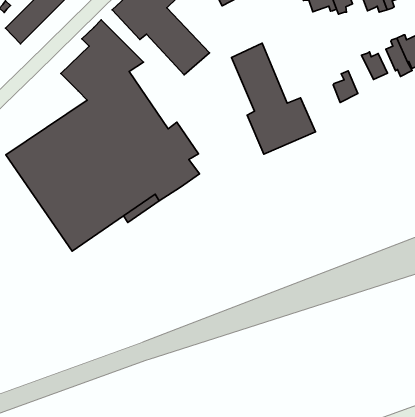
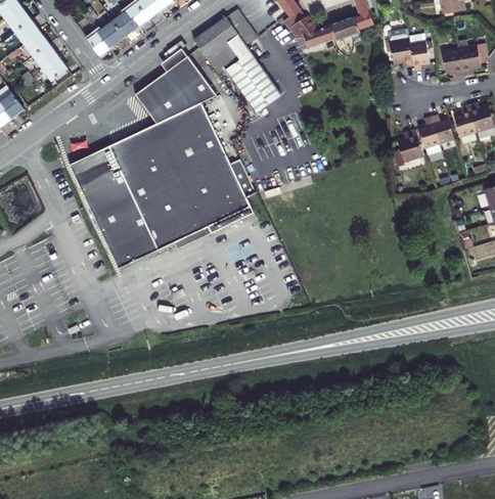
building: [232,43,315,154] -> none
building: none -> [415,118,437,148]

